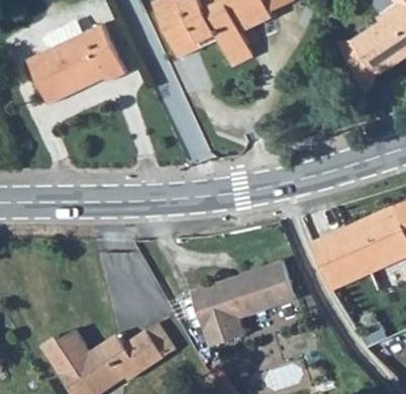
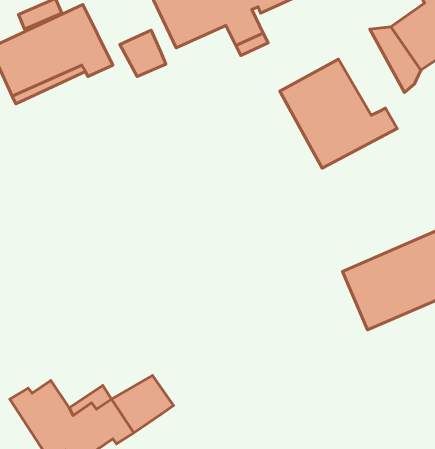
building: none -> [120,30,166,76]
building: none -> [280,59,397,168]
building: [192,256,296,347] -> none

